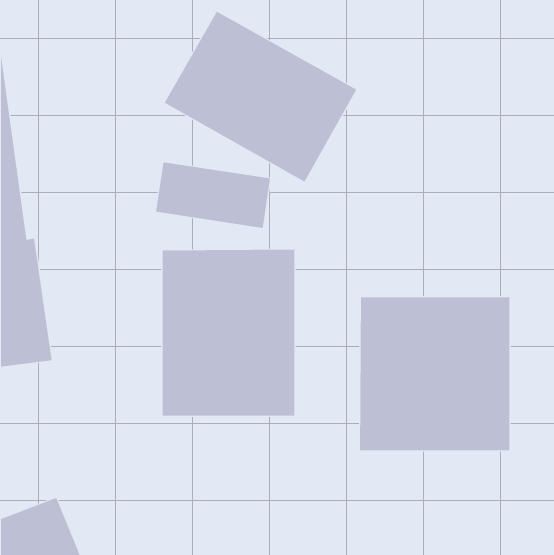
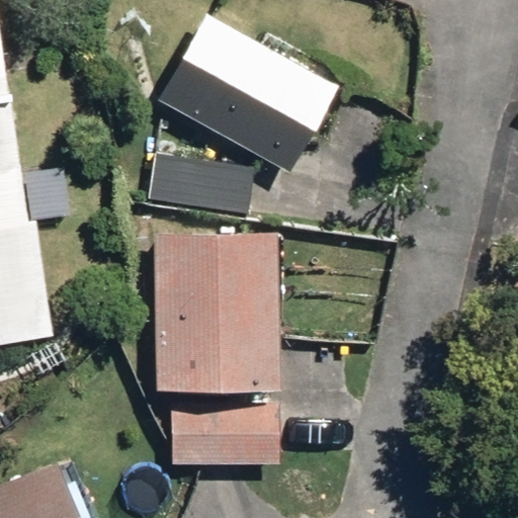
building: [360,297,510,451] -> none
building: none -> [171,404,288,465]

